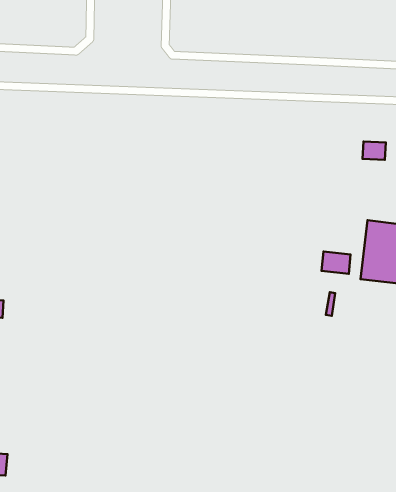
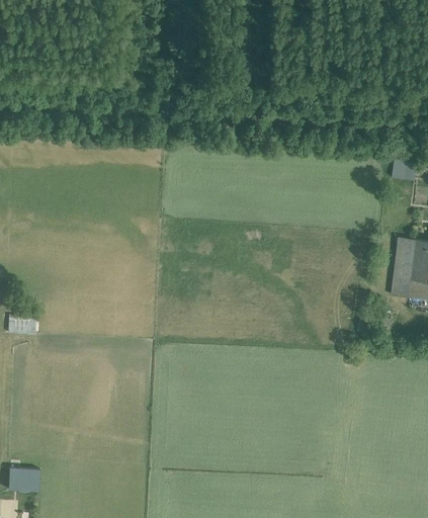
building: [322,251,351,274] -> none

